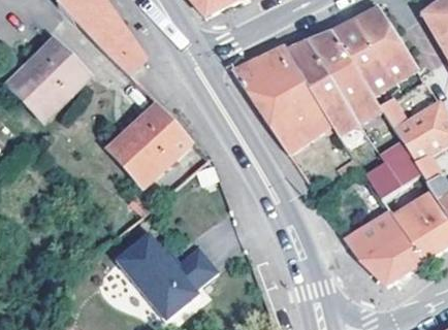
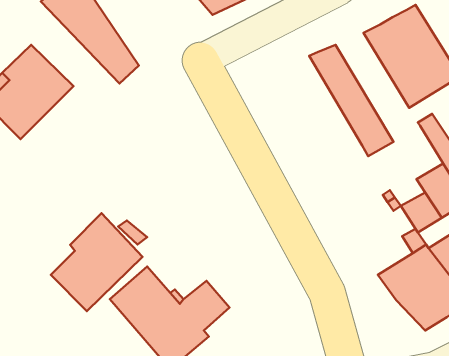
building: [310,30,382,123] -> none
building: [233,45,332,153] -> none
building: [110,102,189,186] -> [51,213,142,311]

